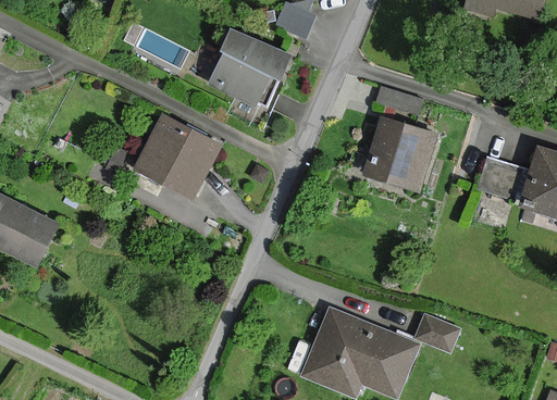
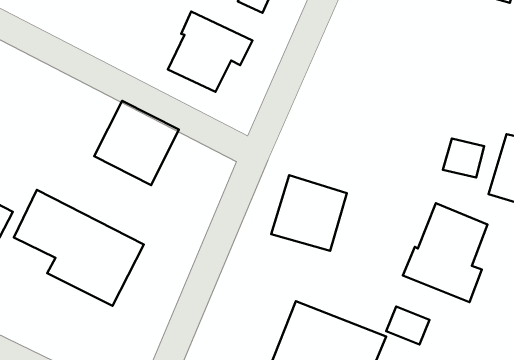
building: [363,117,437,191] -> [271,175,347,251]
building: none -> [14,190,144,306]
building: none -> [403,203,488,302]

